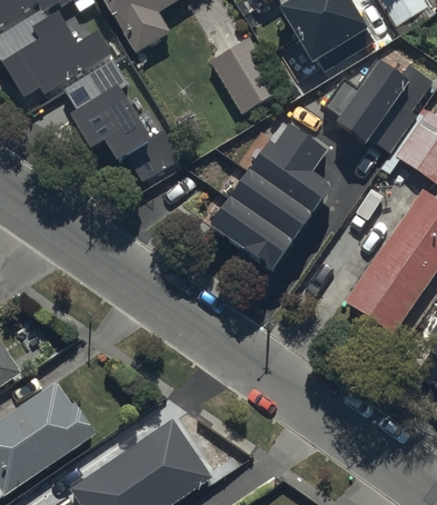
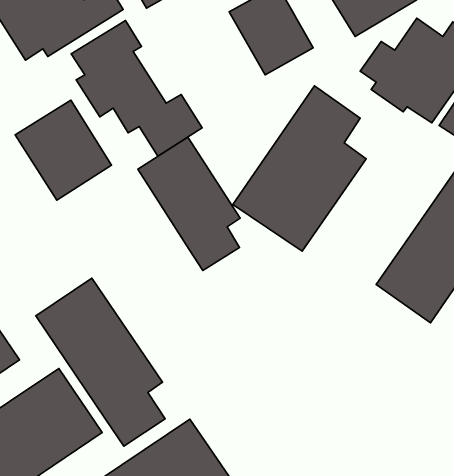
building: none -> [15,100,112,200]
building: none -> [138,137,240,271]
building: none -> [36,278,165,446]

